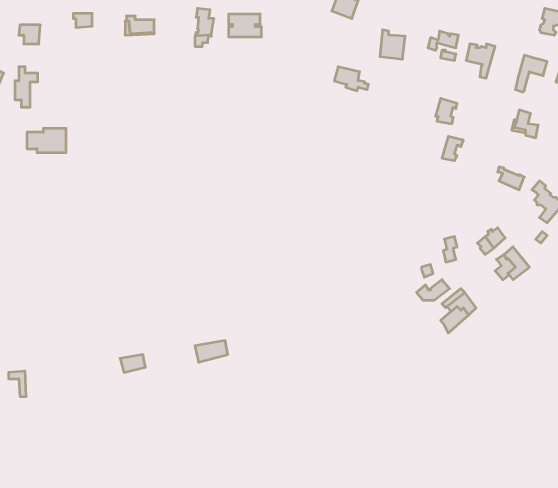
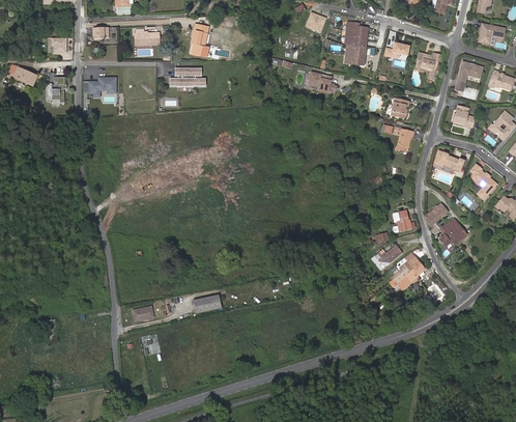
building: none -> [345,21,368,46]
building: [229,14,262,37] -> [175,67,202,86]
building: [27,128,66,153] -> [84,76,116,95]

